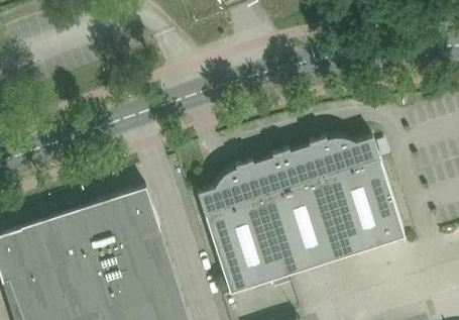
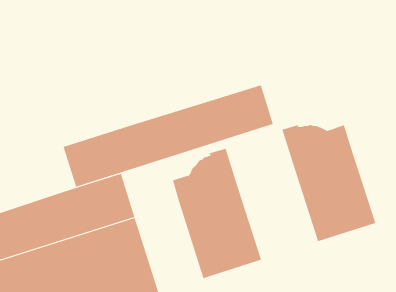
building: none -> [63,84,274,188]
building: [253,146,345,276] -> none

